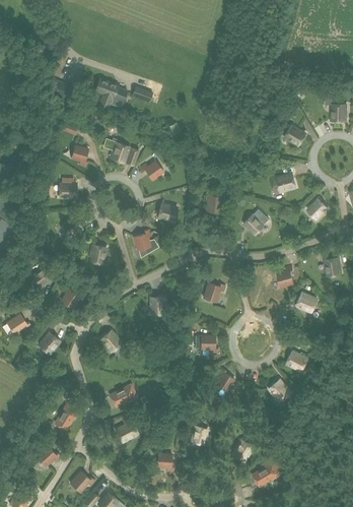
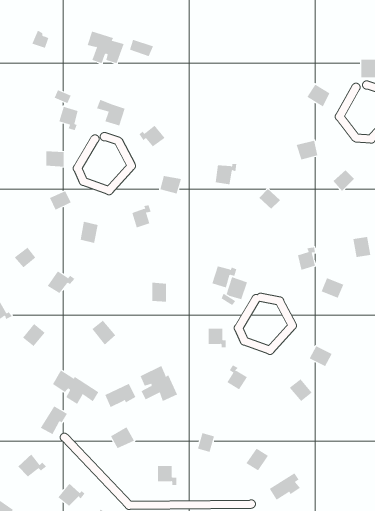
building: none -> [140,365,178,402]
building: none -> [52,369,99,405]

